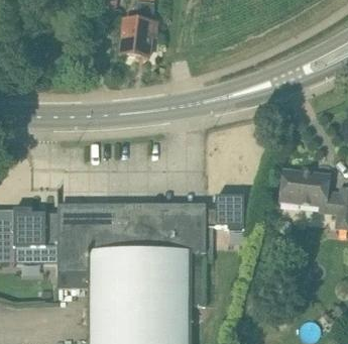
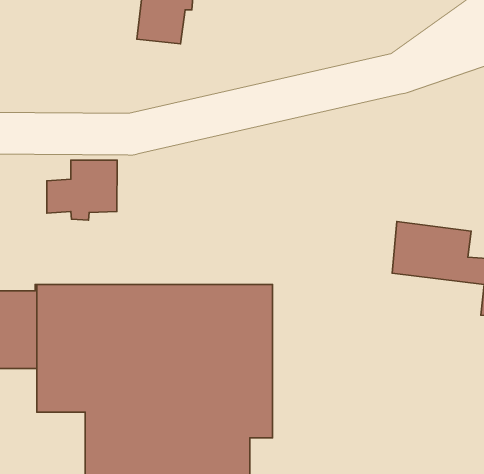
building: none -> [47,160,117,220]
building: [205,195,243,229] -> none

